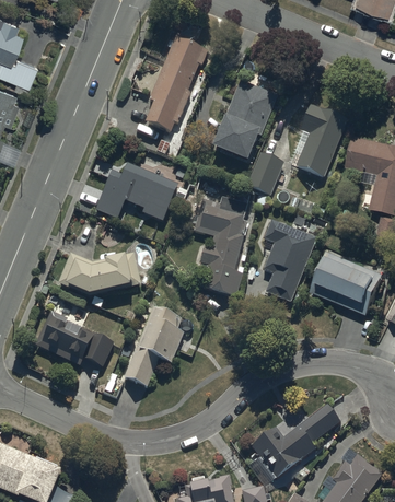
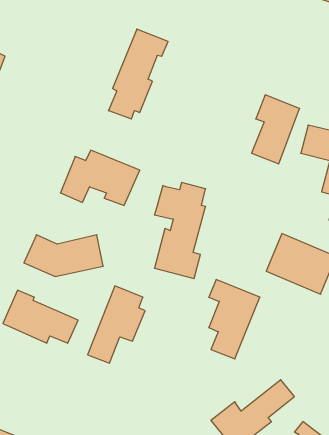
building: [212,80,277,164] -> none
building: [246,153,283,196] -> none
building: [263,220,316,303] -> [209,280,260,359]

